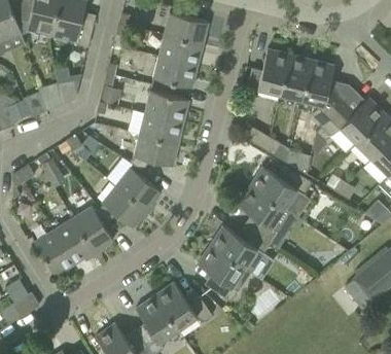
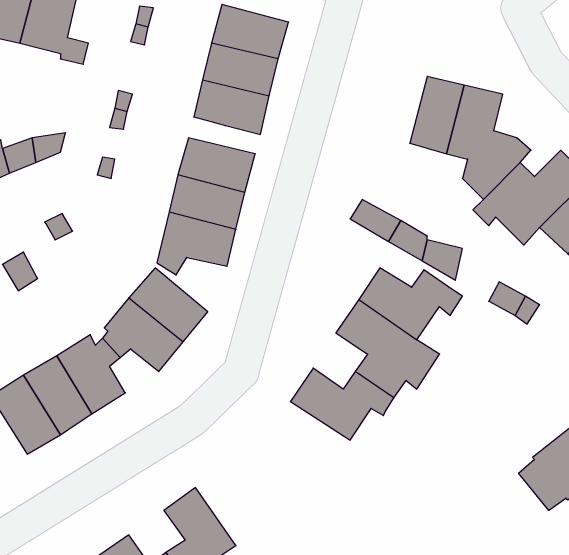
building: [248,48,290,94] -> none
building: [198,245,251,303] -> none
building: [154,282,212,329] -> none

